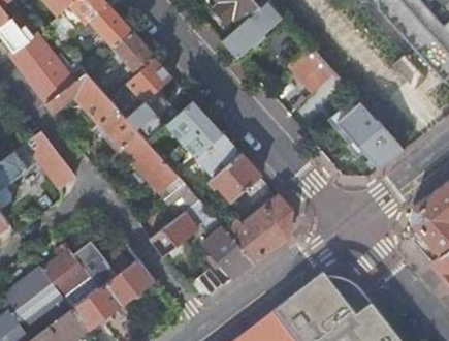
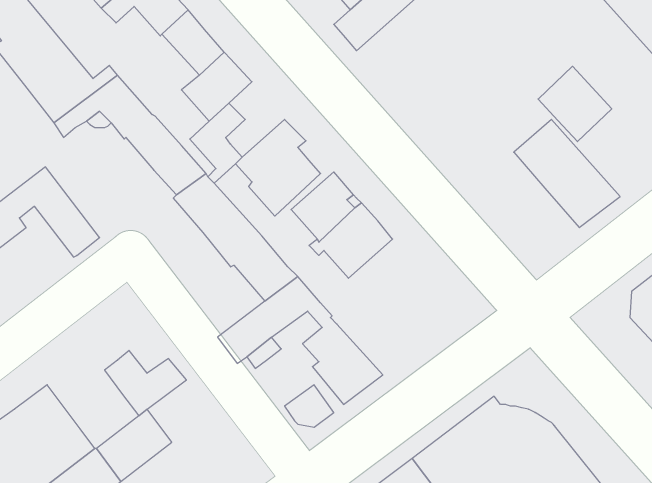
building: [288,45,334,93] -> [538,66,612,142]
building: [225,196,291,262] -> none
building: [42,243,90,297] -> none
building: [105,259,154,305] -> none

